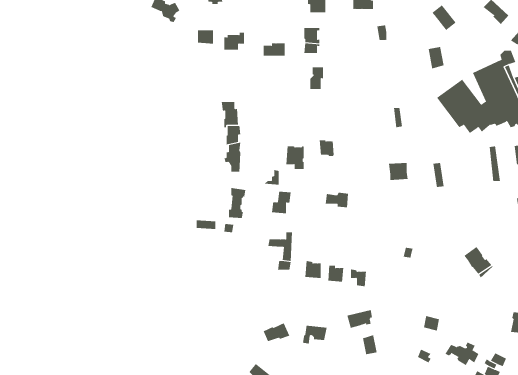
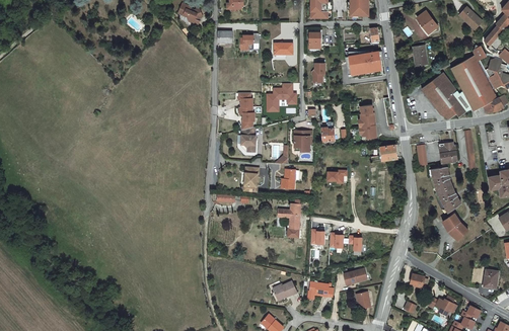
building: none -> [345,52,381,75]
building: none -> [266,85,296,112]
building: none -> [358,106,375,139]
building: none -> [432,141,462,214]

